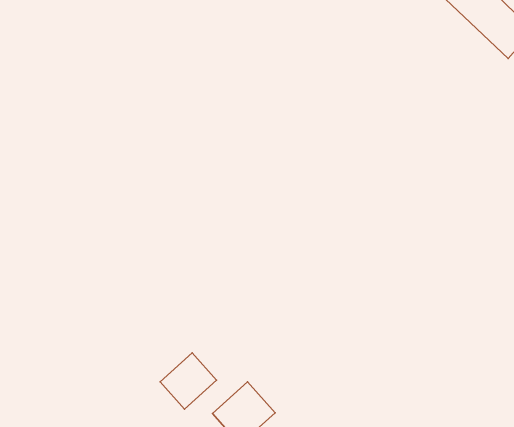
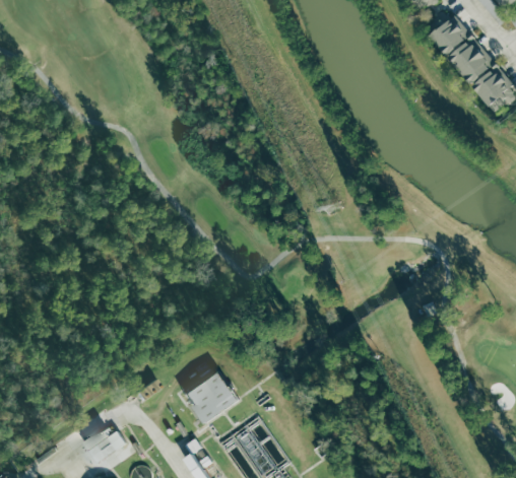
building: [160,353,217,409] -> none

